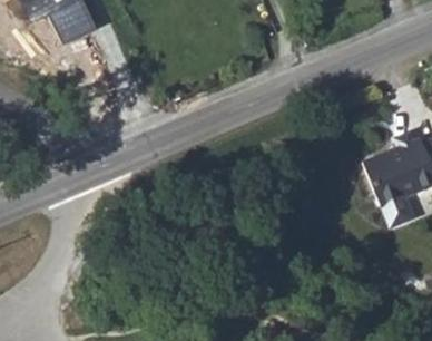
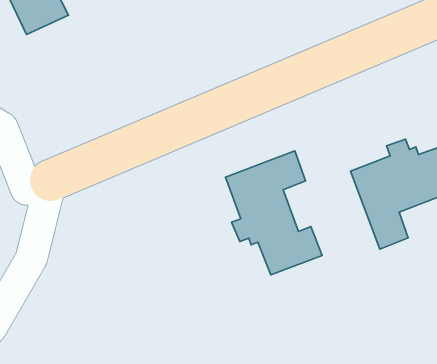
building: none -> [225,151,322,275]

